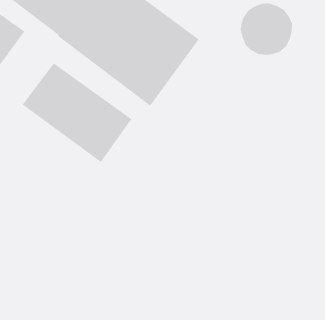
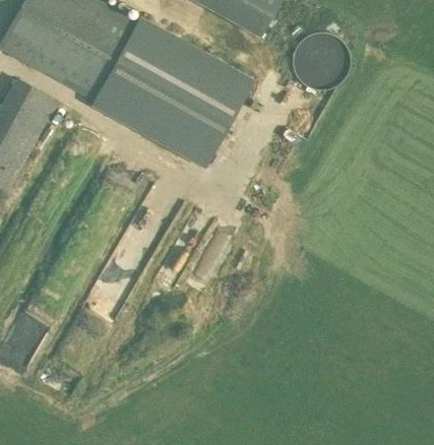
building: [22,63,132,163] -> none

